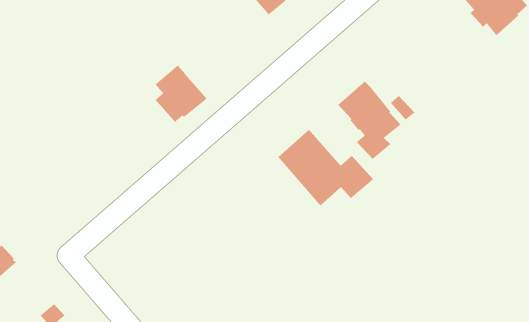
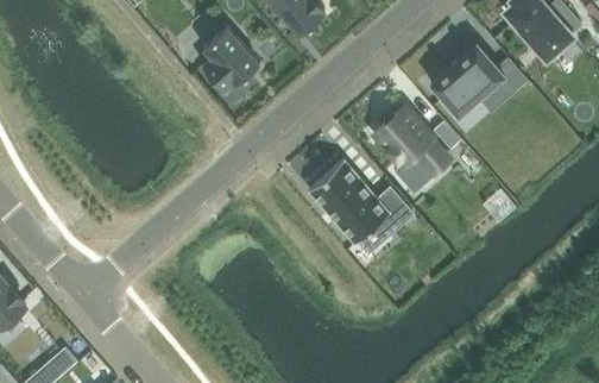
building: none -> [430,43,529,117]
building: [155,65,208,123] -> [203,27,260,90]

